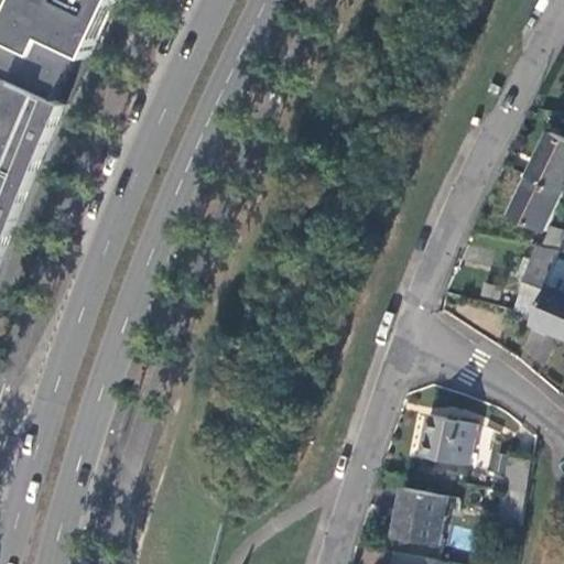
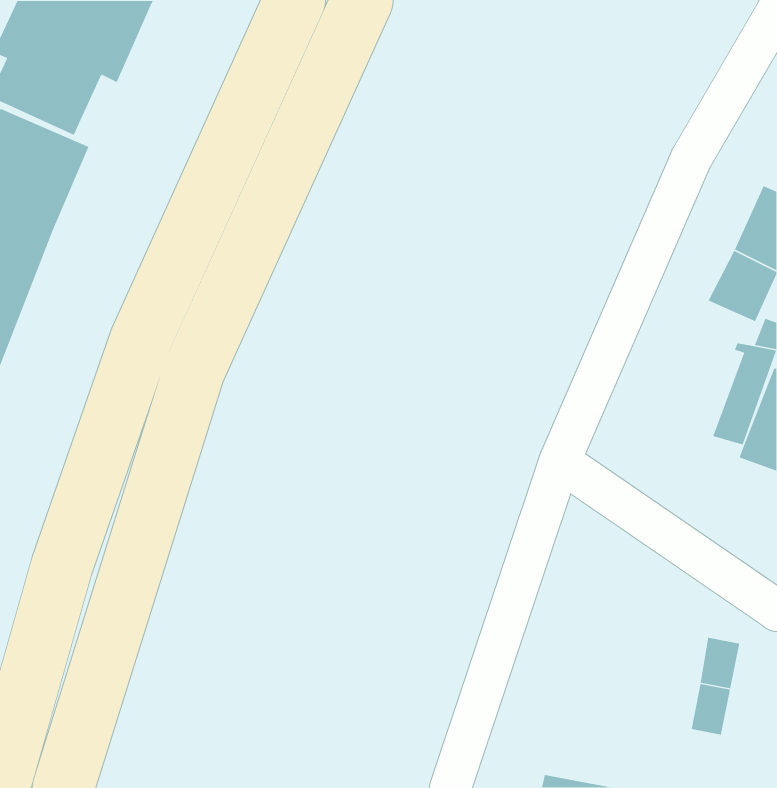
building: [416,416,471,466] -> none
building: [391,488,449,545] -> none

